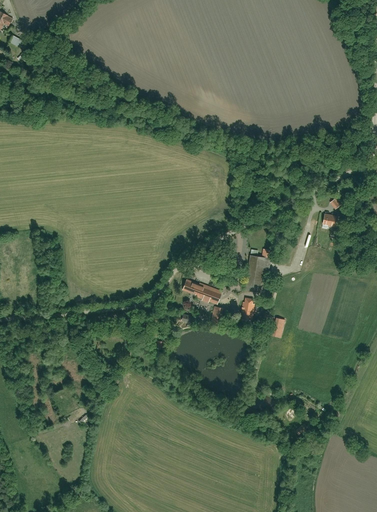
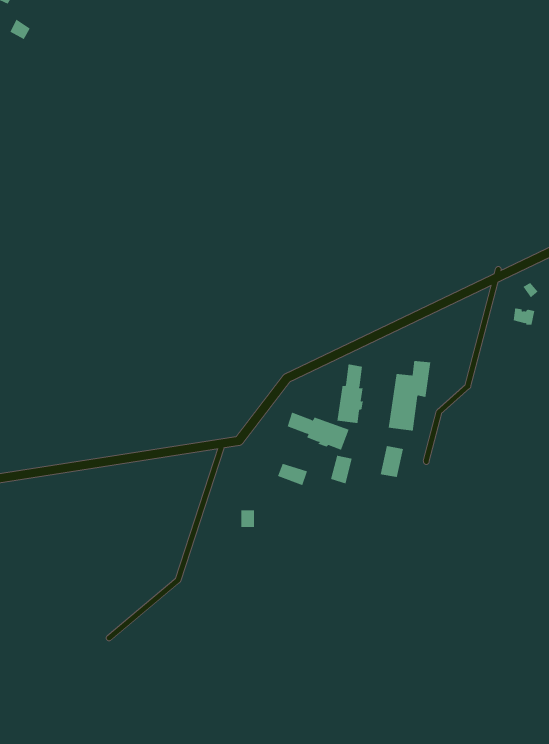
building: none -> [337,364,363,424]

